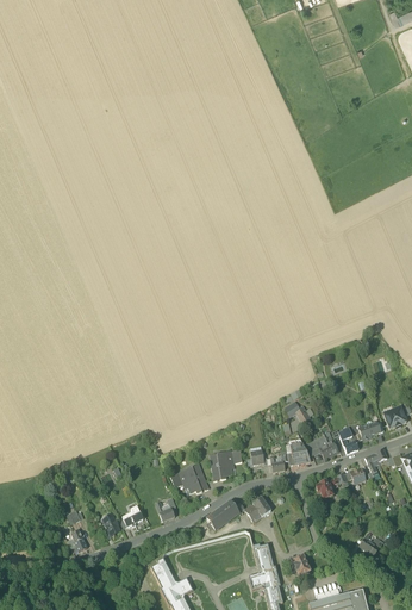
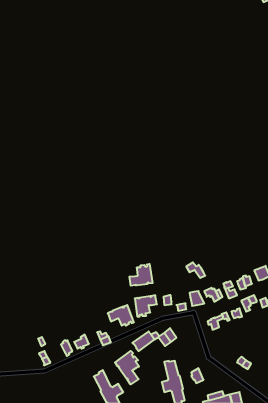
building: none -> [129,264,153,286]
building: none -> [115,351,139,384]

